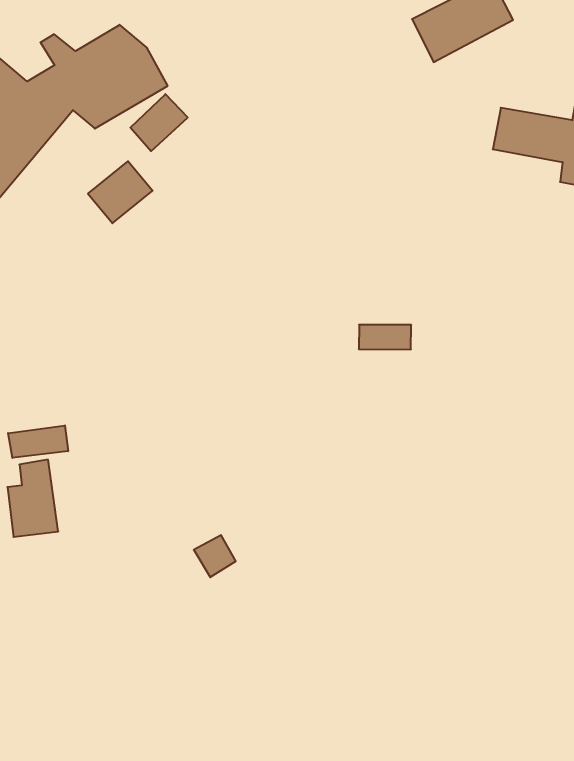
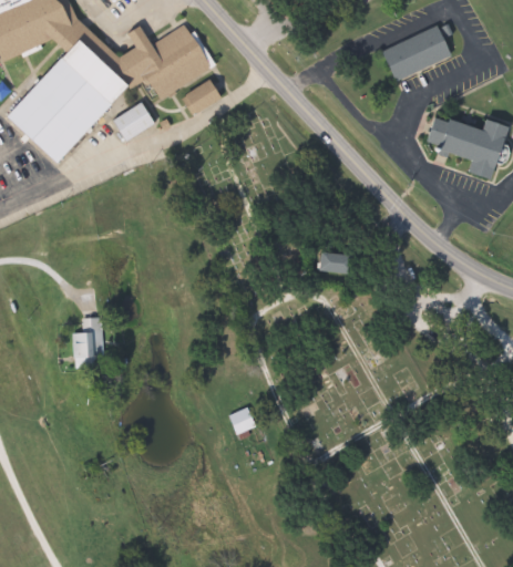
building: [88,161,153,223] -> [110,102,154,143]
building: [8,425,68,458] -> none
building: [194,535,236,577] -> [227,406,255,434]

